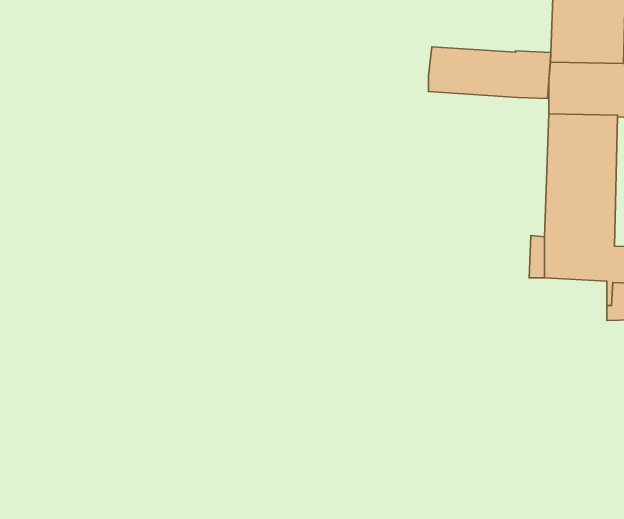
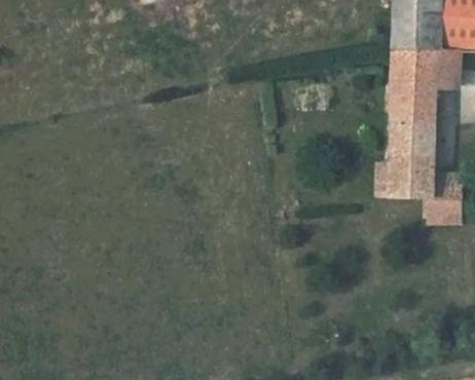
building: [428,47,551,98] -> none

